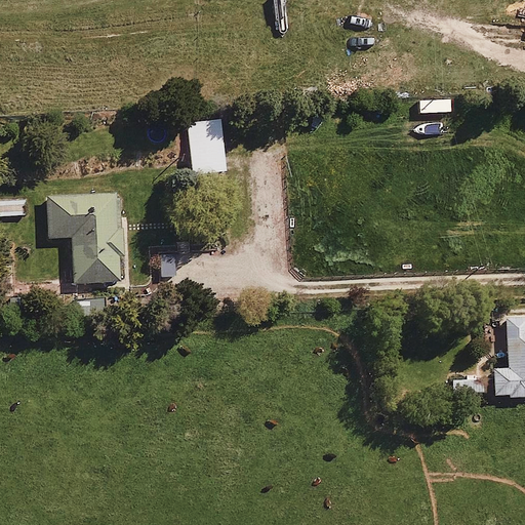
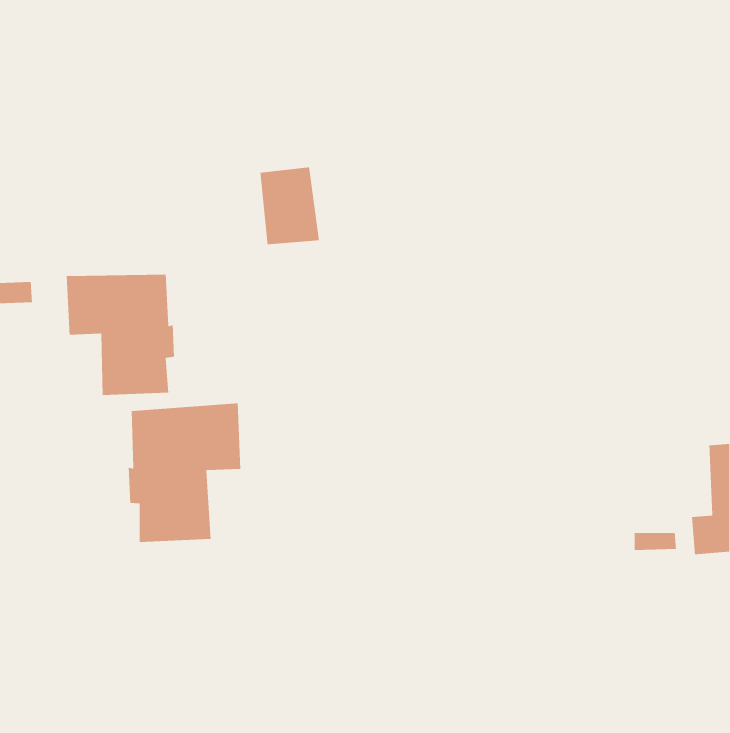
building: none -> [128,402,241,543]

